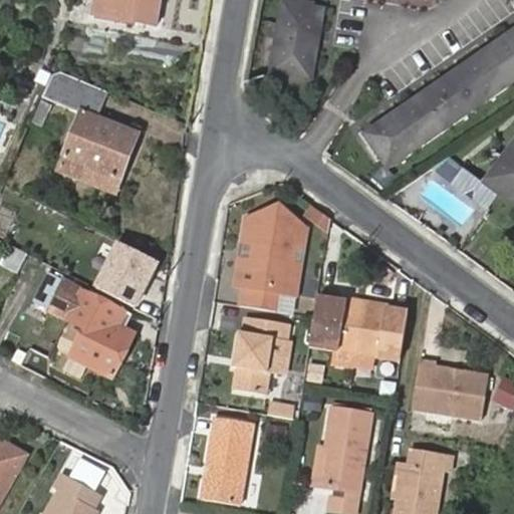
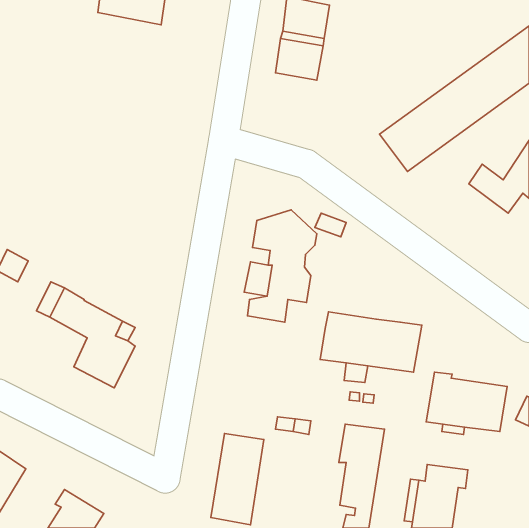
building: [42,69,139,179] -> none
building: [90,238,159,306] -> none
building: [233,315,292,395] -> none

